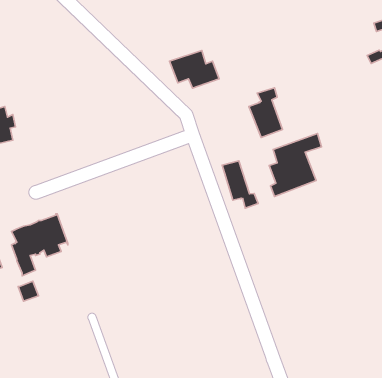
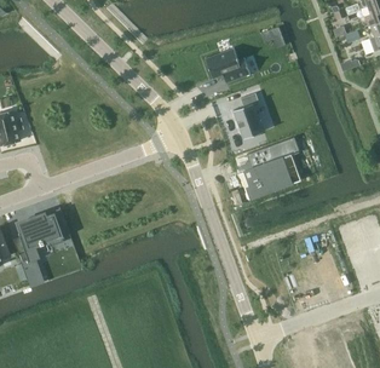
building: [170,51,219,88] -> [205,48,249,82]
building: [222,161,258,208] -> none

